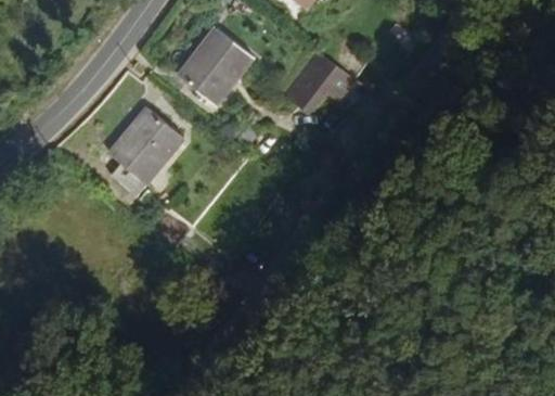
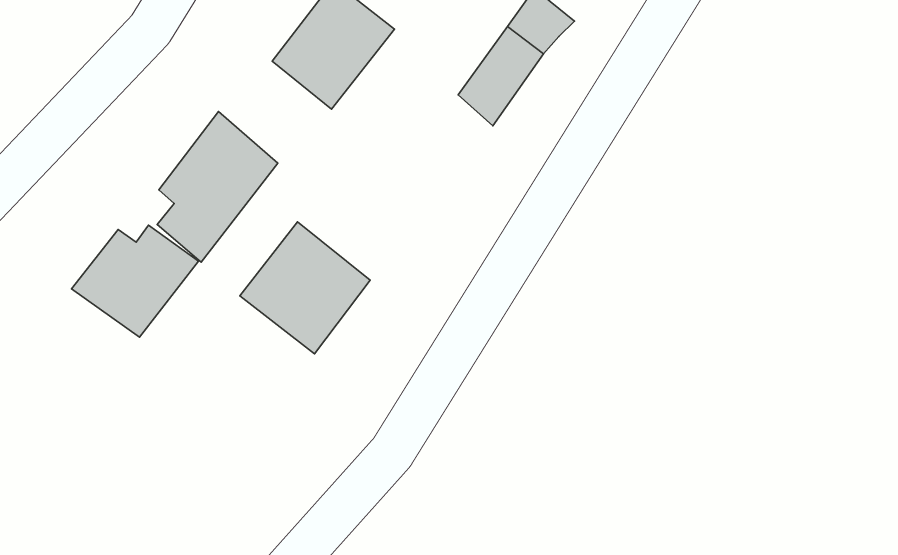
building: none -> [72,225,198,337]
building: none -> [240,222,370,354]

